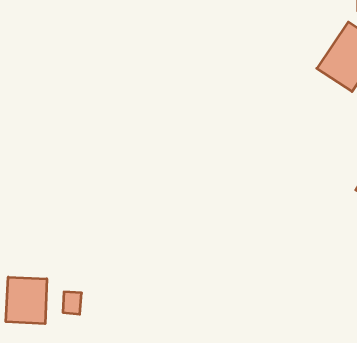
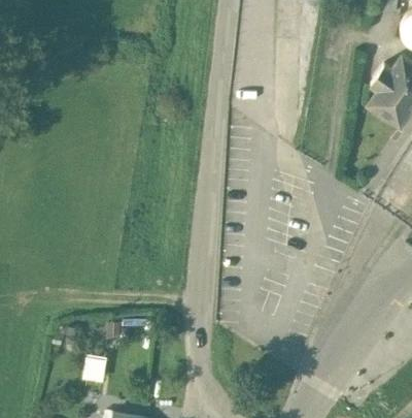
building: [6,277,47,324] -> none

